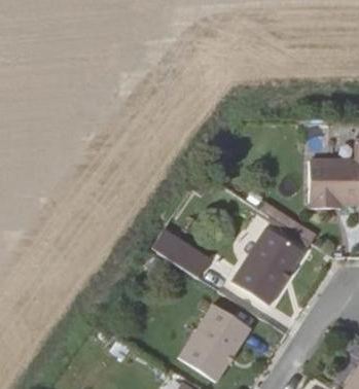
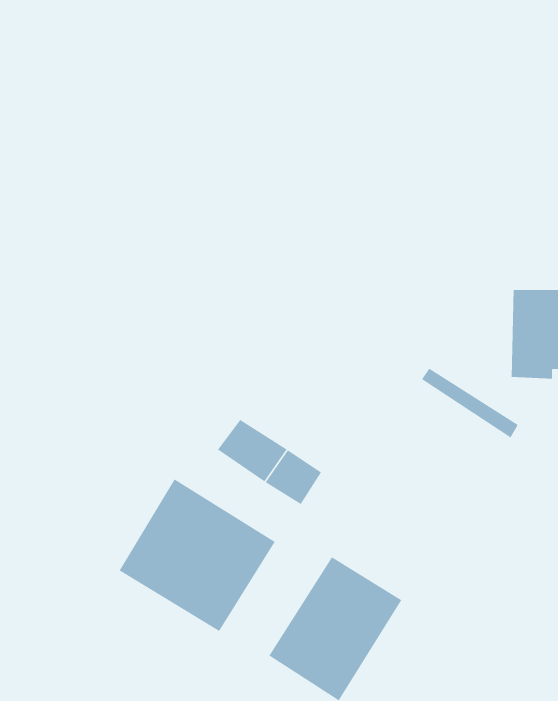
building: [231,227,303,305] -> none
building: none -> [119,479,275,632]

